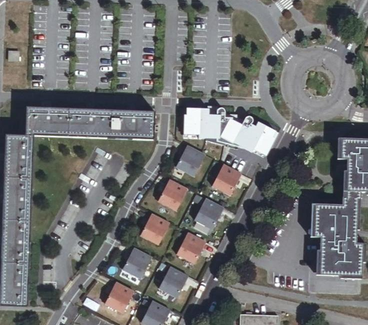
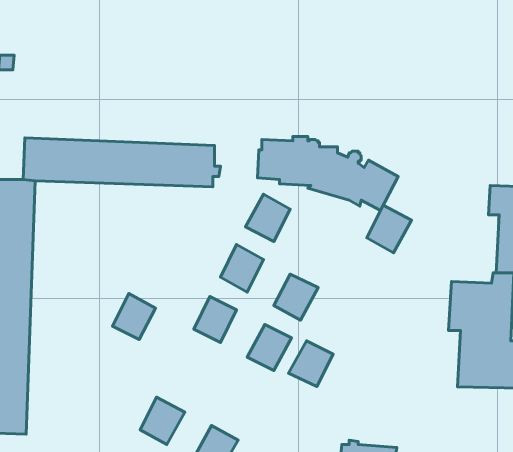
building: [212,163,242,195] -> [367,205,411,253]
building: [122,247,151,278] -> [113,293,156,339]
building: [158,266,188,297] -> [289,341,333,387]

